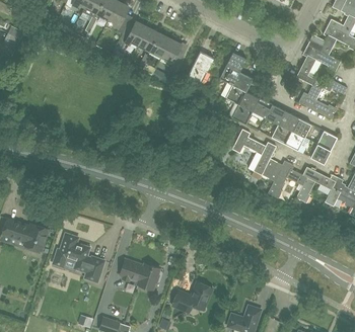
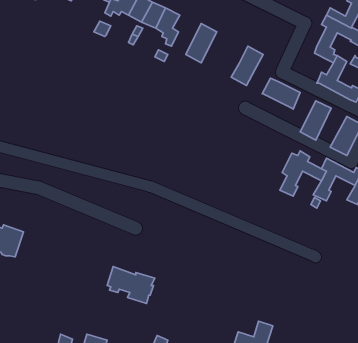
building: [219,52,245,85] -> none
building: [232,91,259,124] -> none
building: [271,110,297,144] -> none
building: [231,129,277,178] -> none
building: [53,233,104,282] -> none
building: [172,281,212,312] -> none

